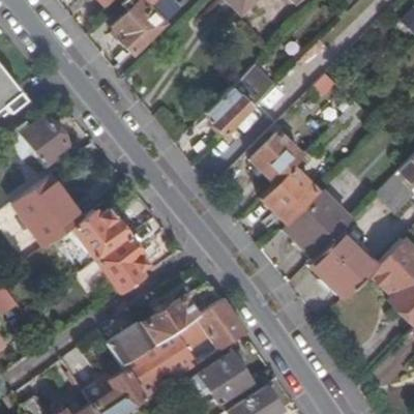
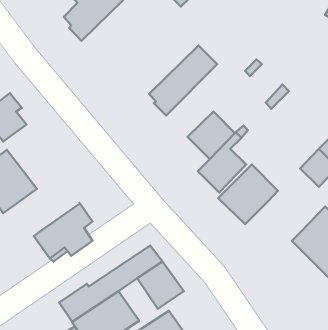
building: [60,208,130,266] -> none
building: [307,231,376,299] -> none
building: [174,317,217,364] -> none

